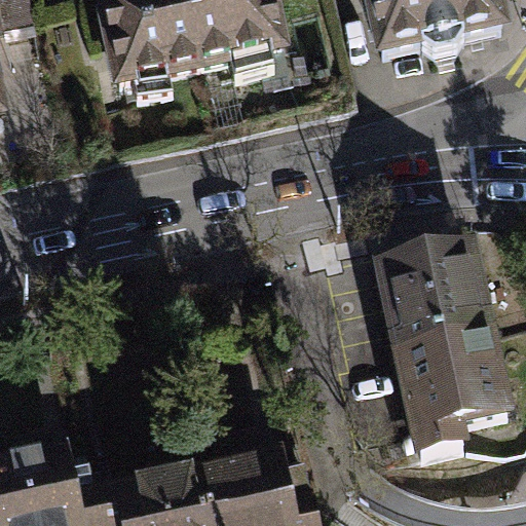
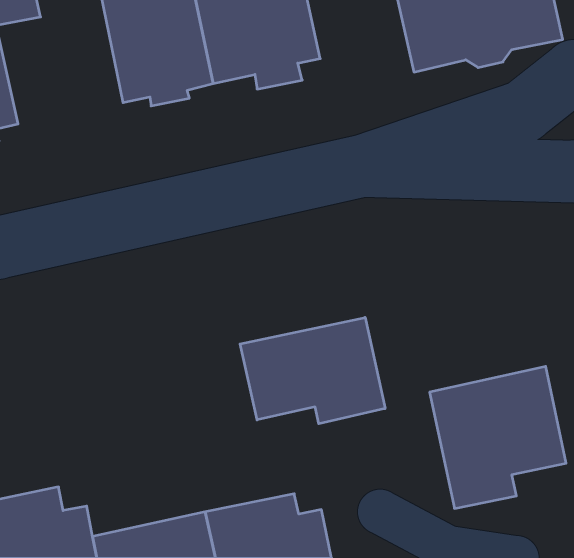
building: [373,238,497,358] -> none
building: none -> [240,317,385,424]

